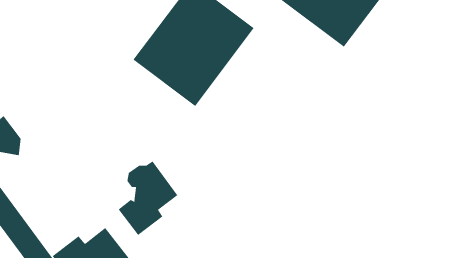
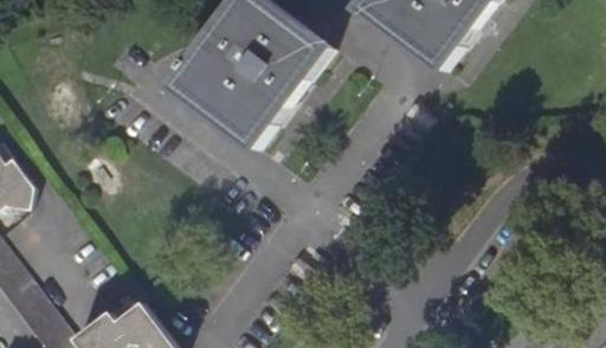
building: [118,160,178,236] -> none

